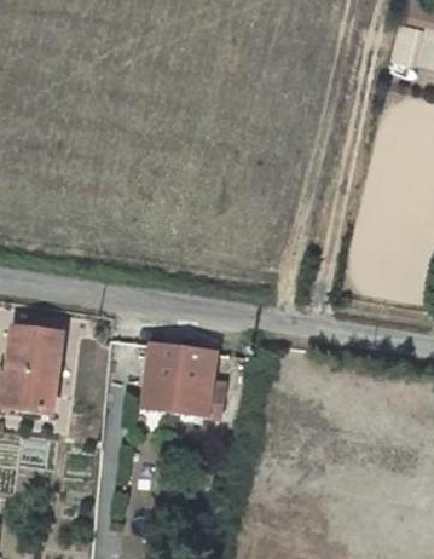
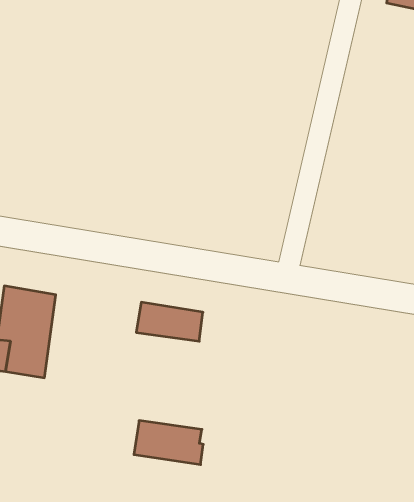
building: [150,374,216,416] -> [134,421,203,465]

